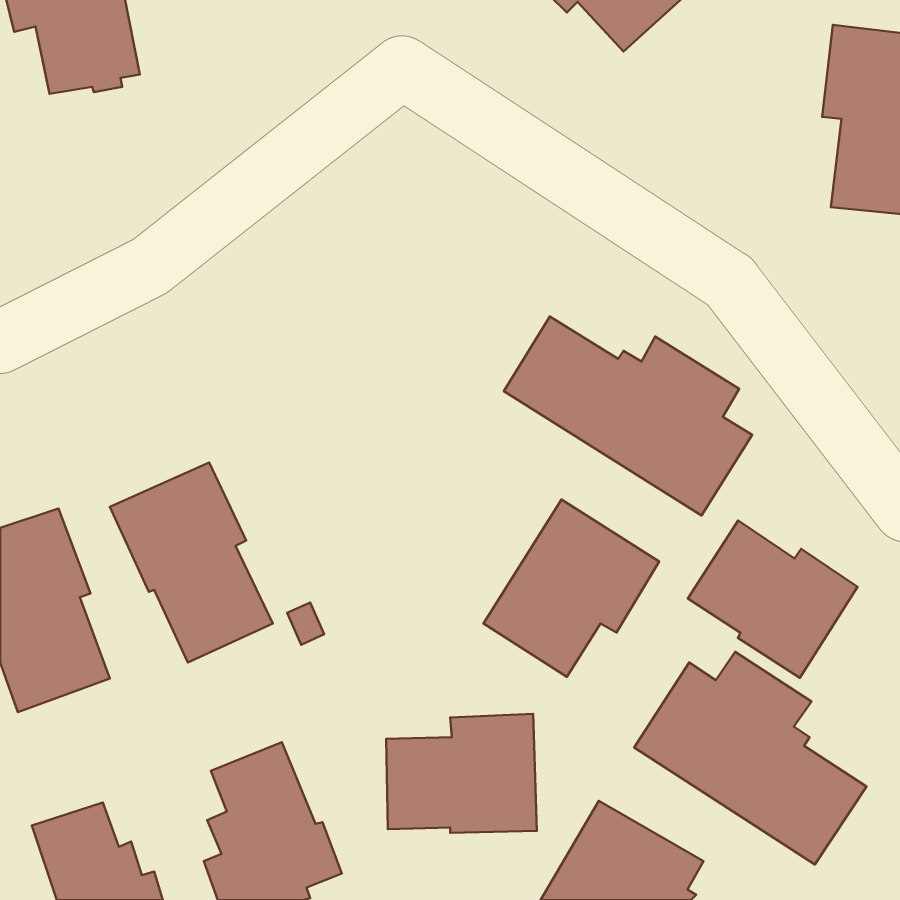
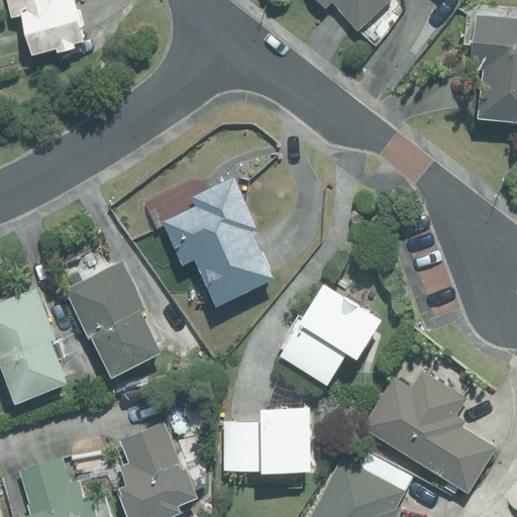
building: none -> [163,177,272,305]
building: [504,316,752,515] -> none
building: [688,521,857,678] -> none

